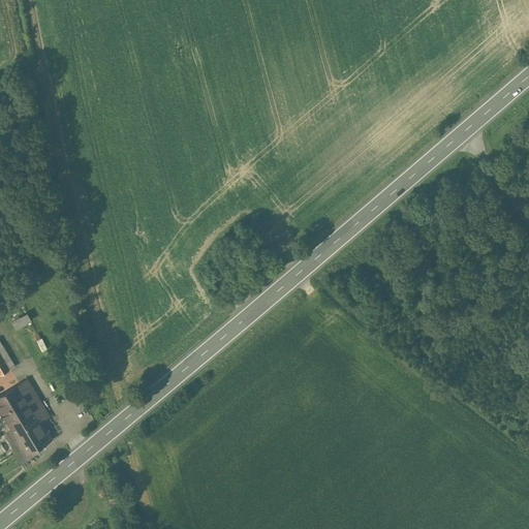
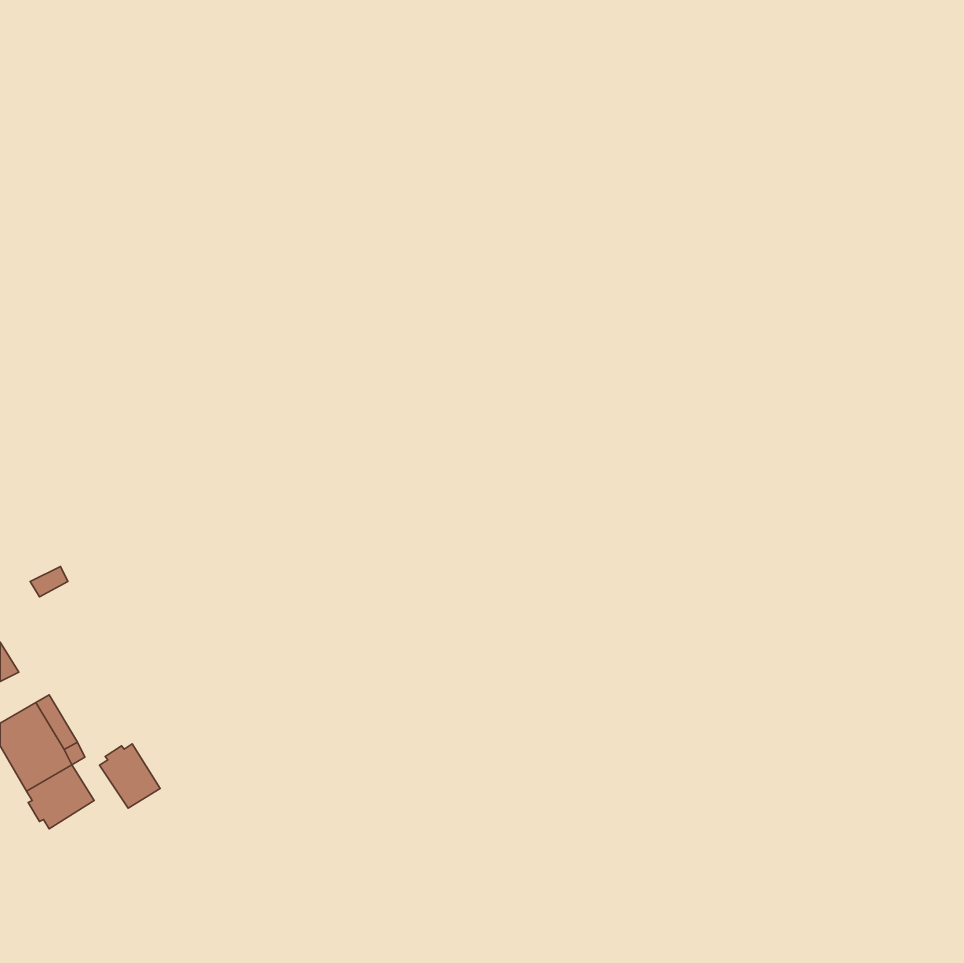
building: none -> [99,744,160,808]

